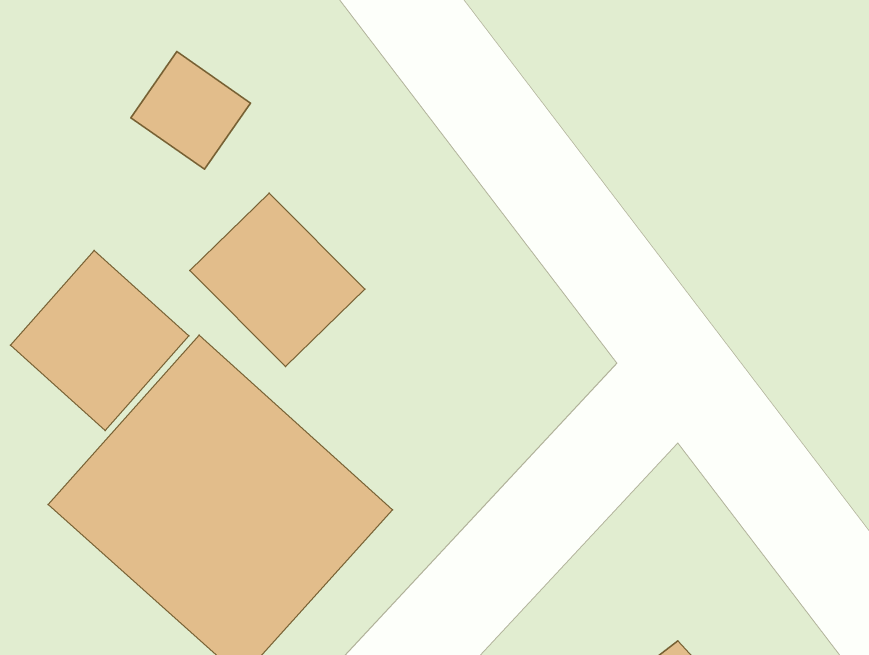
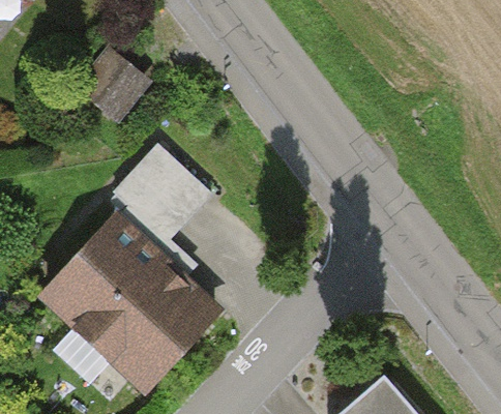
building: [11,250,189,430] -> none

